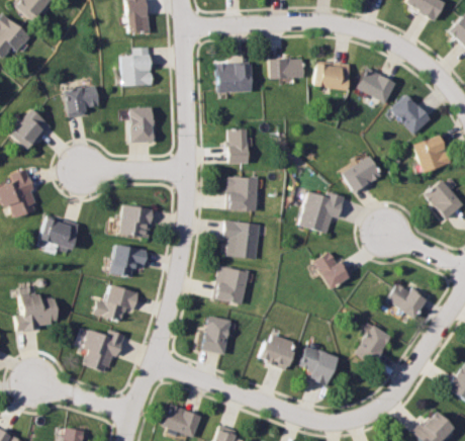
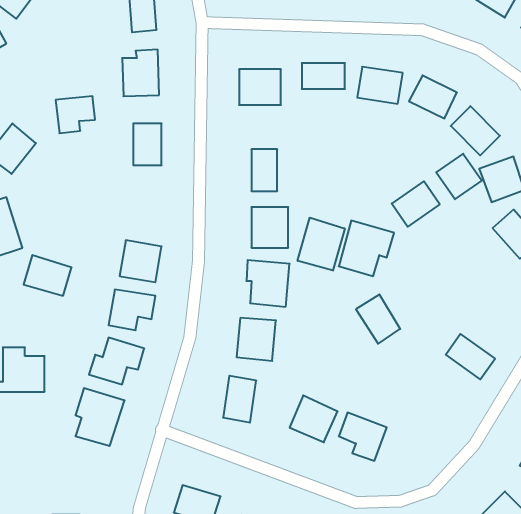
building: none -> [436,154,482,199]
building: none -> [298,218,345,271]
building: [354,325,393,366] -> none

